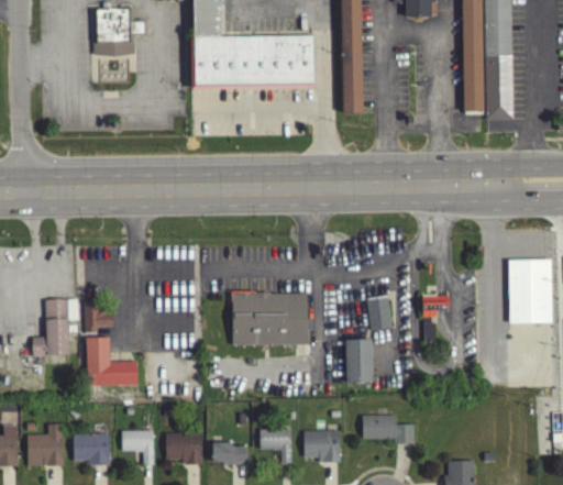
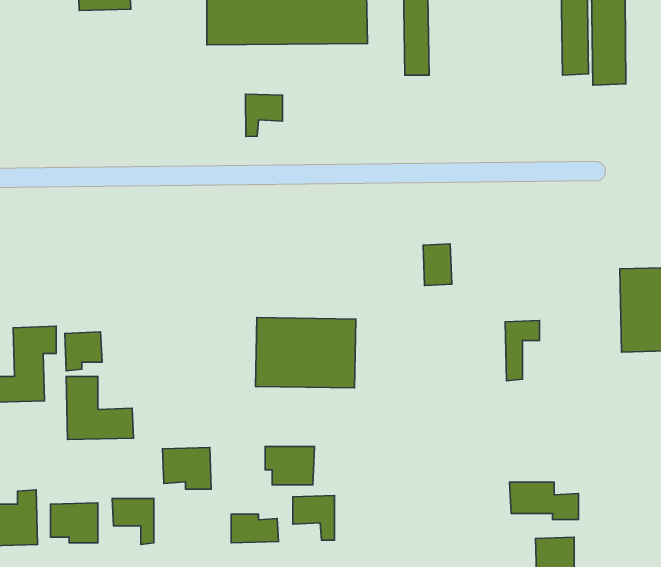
building: none -> [245,94,283,136]
building: [367,298,389,330] -> [423,244,452,286]
building: [344,340,371,384] -> none
building: none -> [265,447,315,485]
building: [361,416,413,444] -> [510,482,578,519]
building: [302,431,339,463] -> none
building: [164,433,201,465] -> [163,447,211,489]

